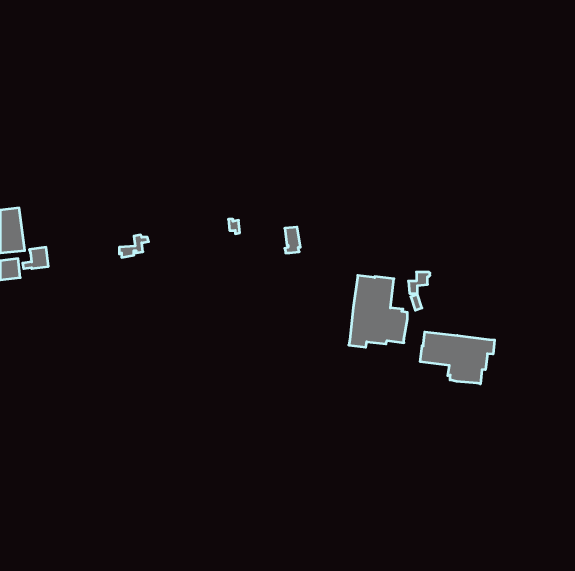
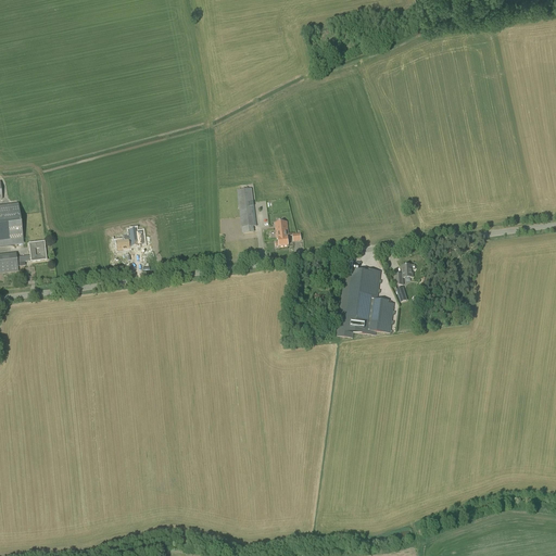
building: none -> [237,186,256,225]
building: [420,332,495,384] -> none

